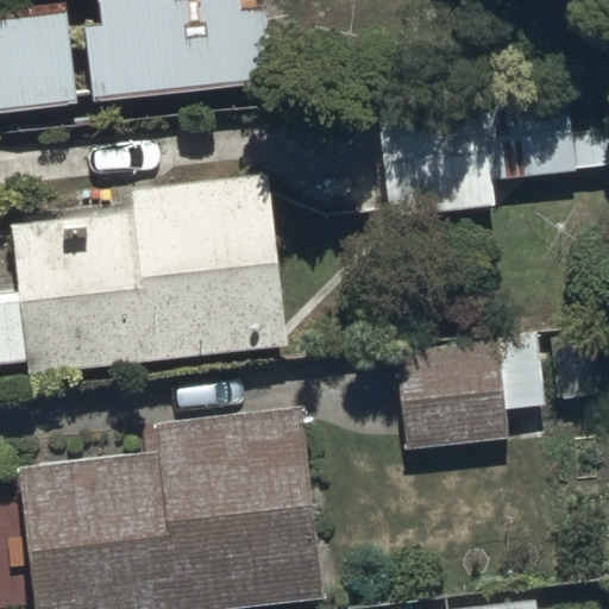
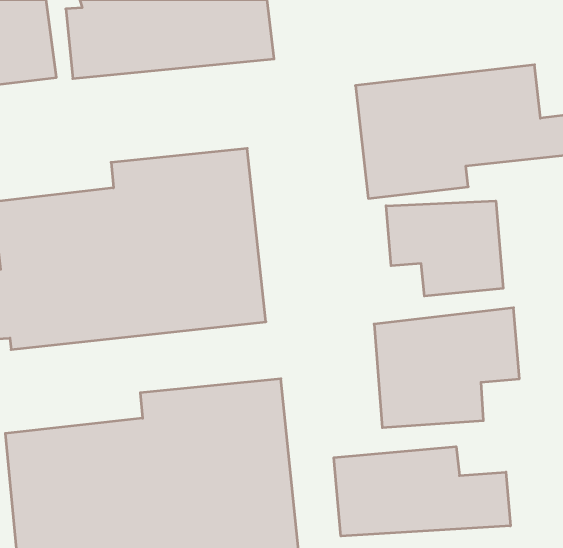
building: none -> [386,201,503,296]
building: none -> [334,447,510,536]

